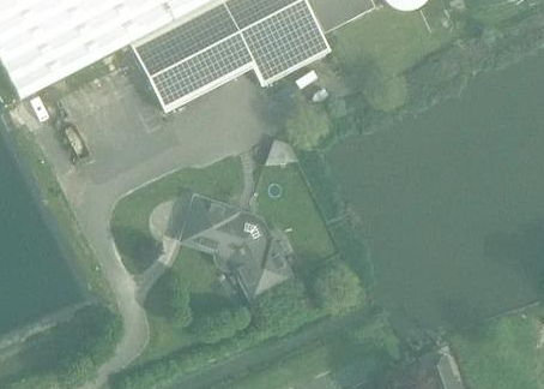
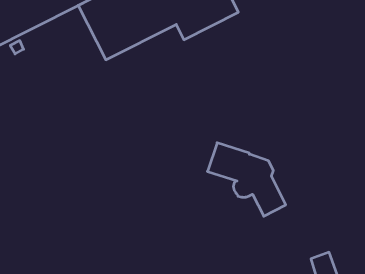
building: [185,199,283,292] -> [207,143,286,216]

